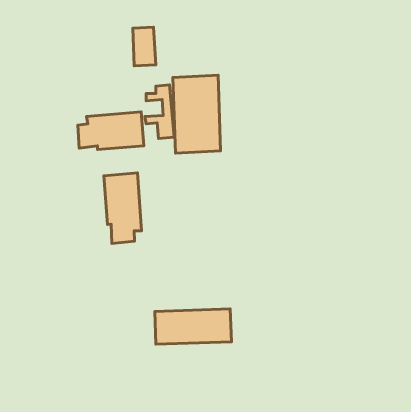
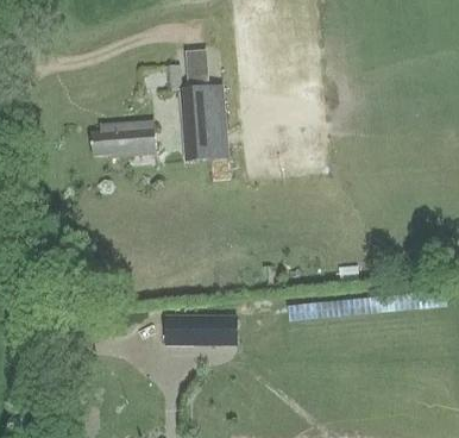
building: [133,27,156,66] -> [187,46,209,85]
building: [104,173,142,244] -> none

